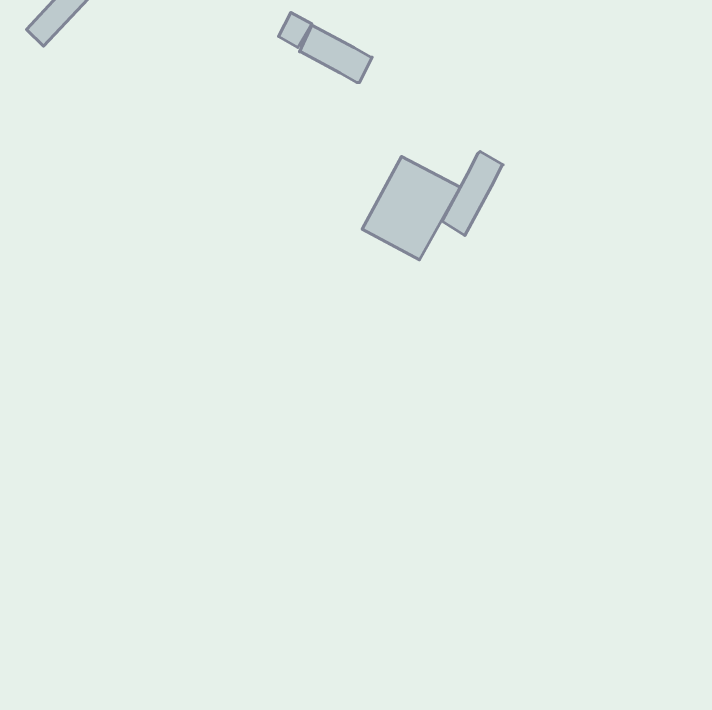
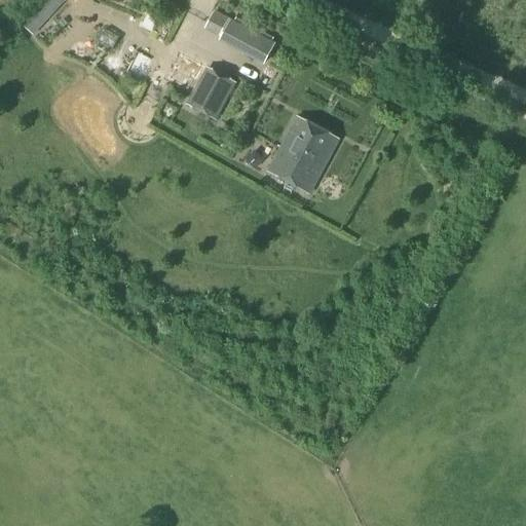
building: none -> [187,66,237,119]
building: [442,151,503,235] -> none

